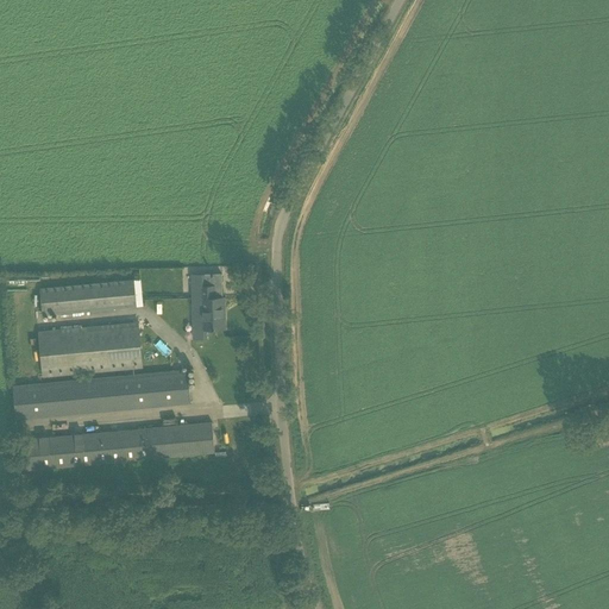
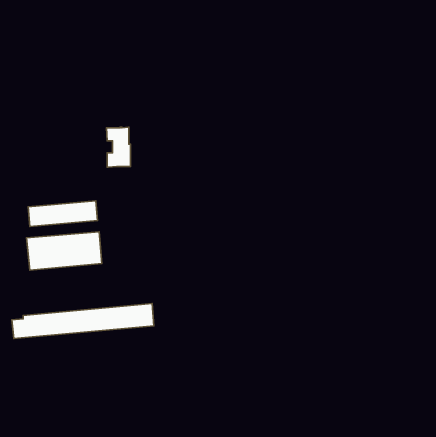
building: [190,274,224,329] -> [106,127,130,167]
building: [12,370,189,421] -> none

